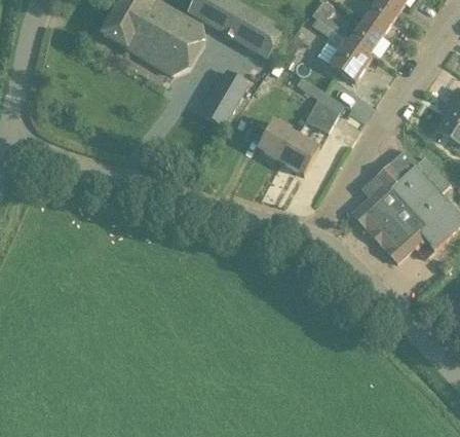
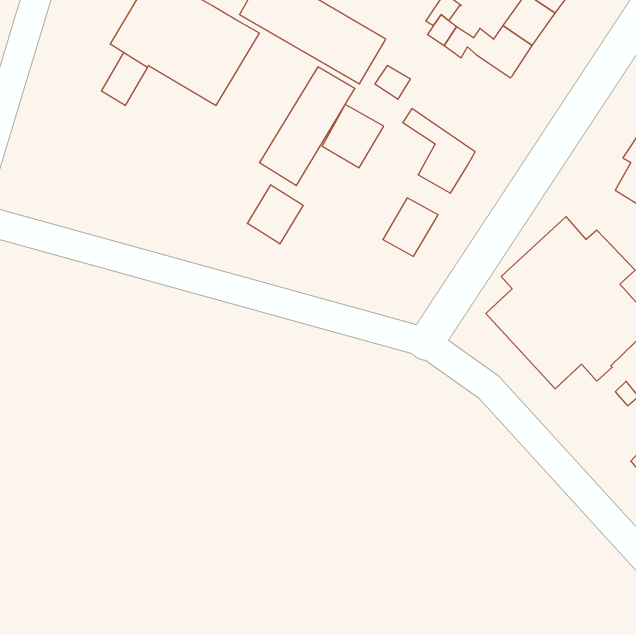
building: none -> [101,53,147,106]
building: [328,40,371,82] -> none
building: [258,121,299,163] -> [322,105,384,168]
building: none -> [247,185,303,244]

